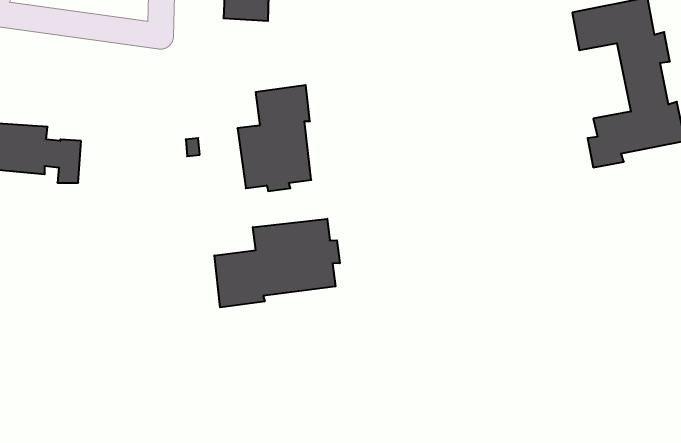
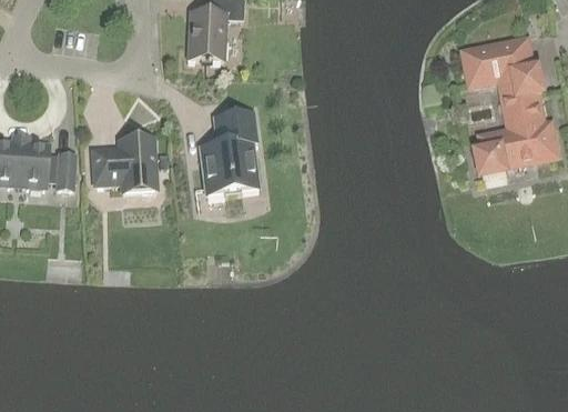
building: none -> [93,137,156,190]
building: [214,219,340,307] -> none

